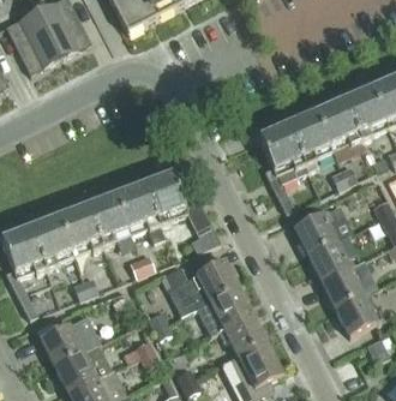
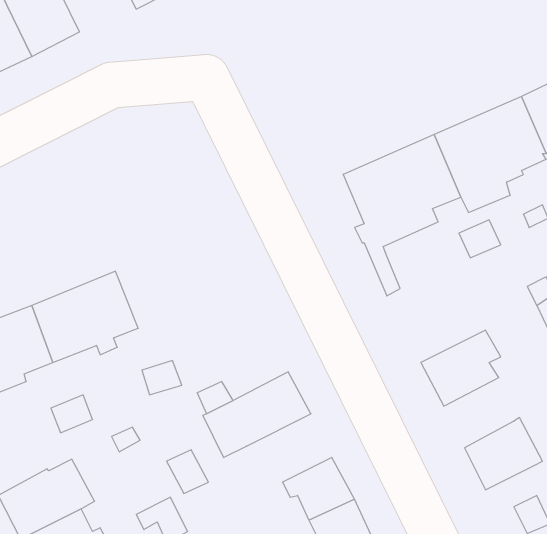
building: [113,172,220,250] -> none
building: [292,198,354,252] -> none
building: [320,262,365,306] -> none
building: [196,285,250,333] -> none

